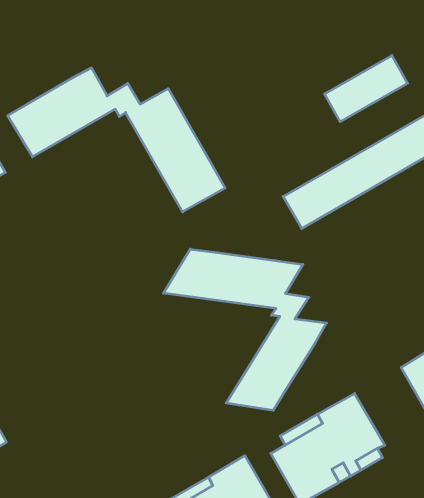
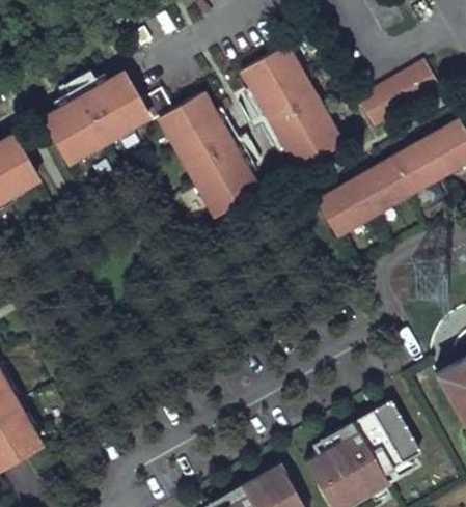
building: none -> [243,47,341,170]
building: [163,249,327,410] -> none

